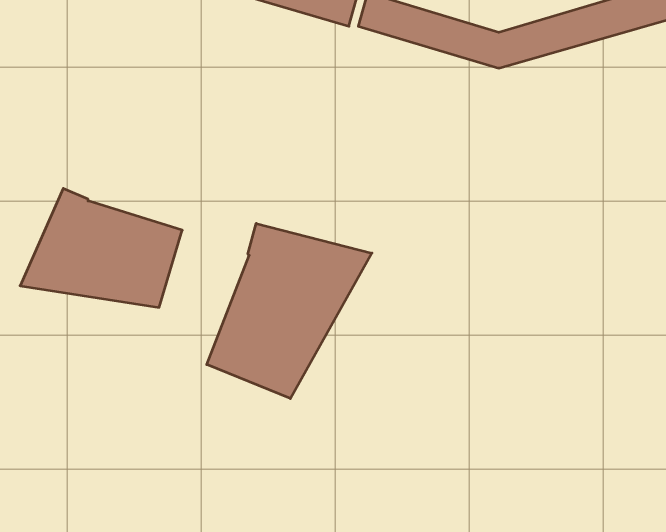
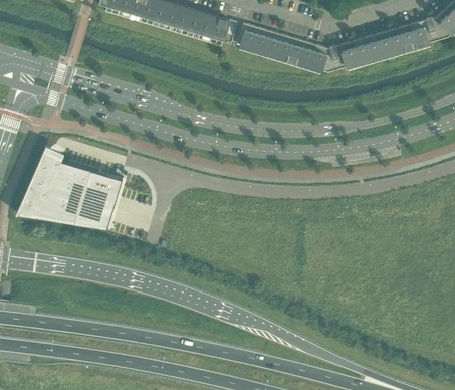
building: [207,223,372,399] -> none

